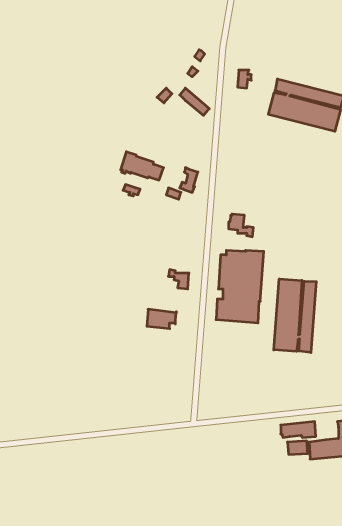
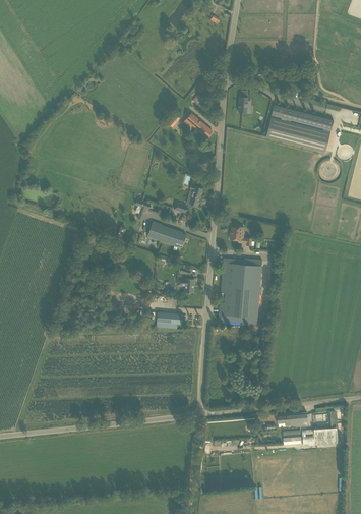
building: [121,152,164,180] -> [146,220,185,245]
building: [274,279,316,353] -> none

